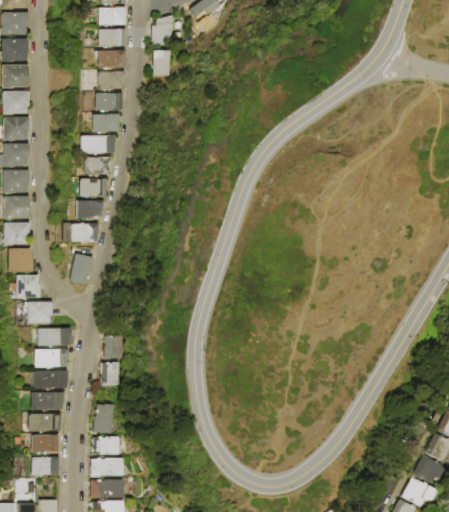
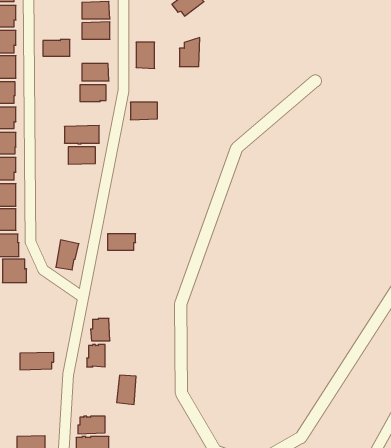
building: [153,15,174,45] -> [179,38,200,67]
building: [97,51,125,68] -> [43,40,70,56]
building: [91,115,119,133] -> [130,102,157,120]
building: [78,179,107,197] -> none
building: [76,201,104,219] -> none
building: [70,225,99,242] -> [108,234,136,250]
building: [26,301,53,324] -> none
building: [37,328,71,345] -> none
building: [34,349,68,366] -> none
building: [29,391,63,409] -> none
building: [94,403,114,433] -> [117,375,136,404]
building: [26,413,60,430] -> none
building: [30,434,58,452] -> none

